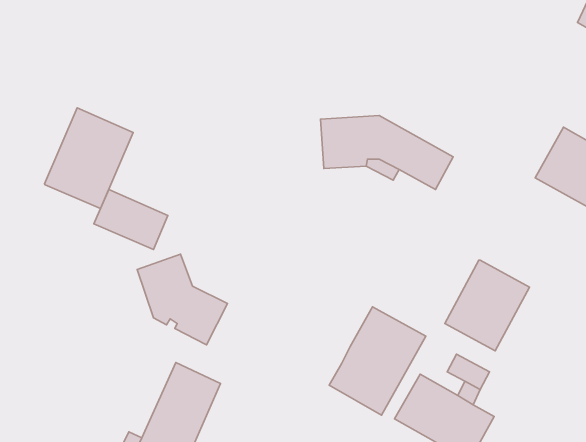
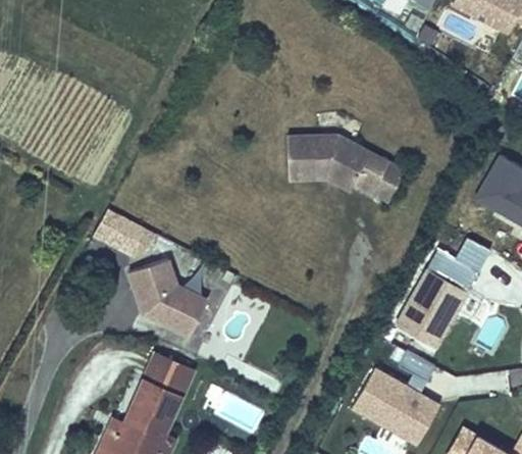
building: [44,108,133,208] -> none
building: none -> [426,246,480,290]
building: [329,307,426,415] -> none

